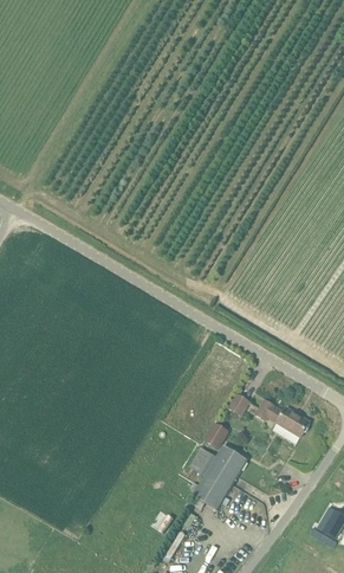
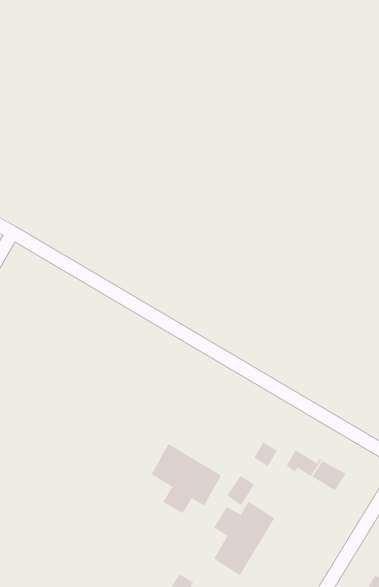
building: none -> [151,443,222,514]

